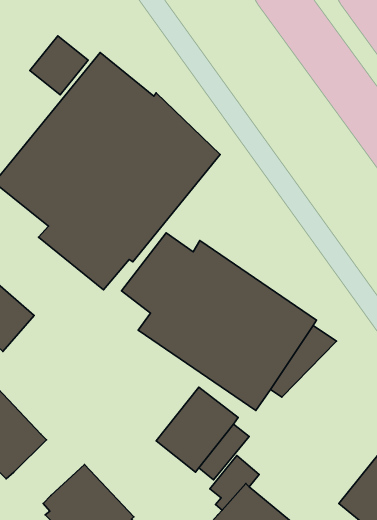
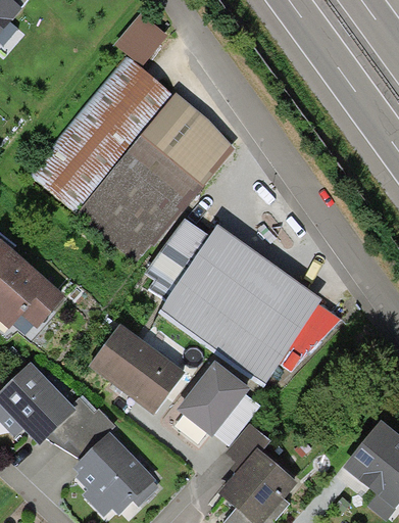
building: [30,36,88,95] -> [114,11,167,65]
building: none -> [89,323,185,413]
building: none -> [46,395,116,459]

